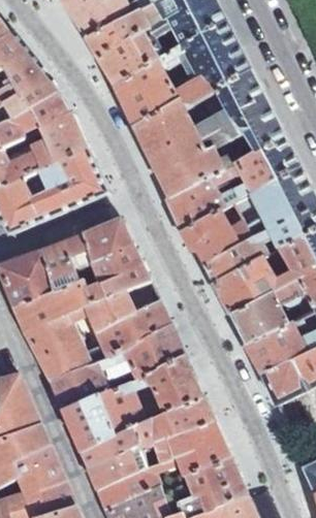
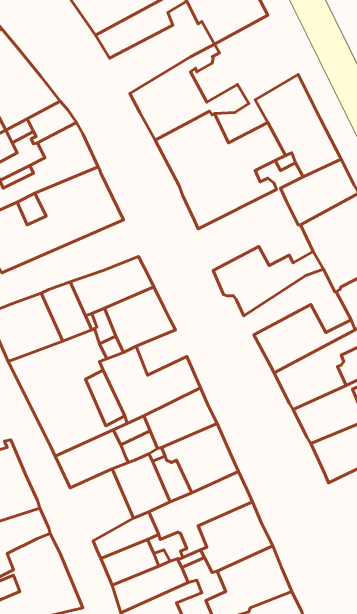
building: [95,22,167,87] -> none
building: [181,23,249,95] -> none
building: [165,164,249,231] -> none
building: [204,235,266,284] -> none
building: [63,393,115,452] -> none

